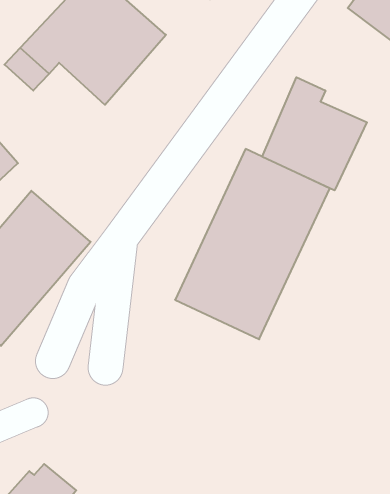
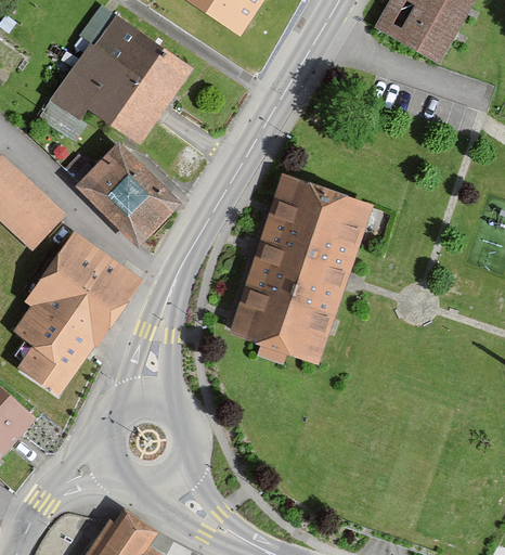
building: [262,77,367,190] -> none
building: none -> [78,146,181,246]

